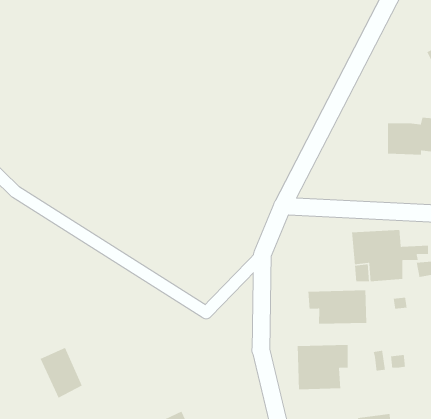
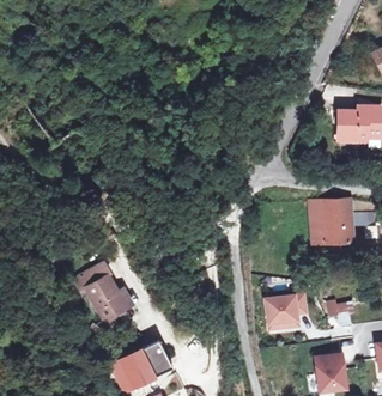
building: [308,289,367,325] -> none
building: [40,347,83,399] -> [87,272,123,315]

